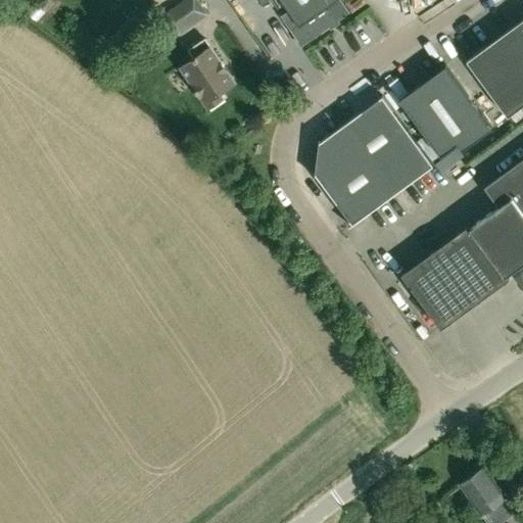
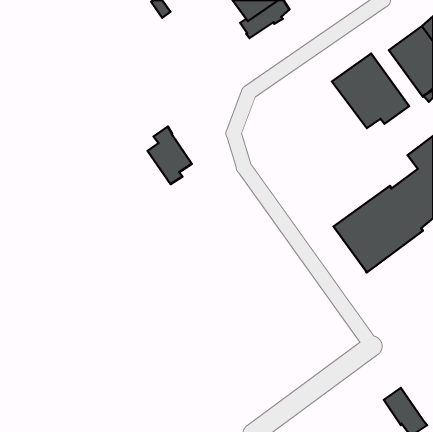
building: [181,39,234,108] -> [148,126,192,184]
building: [315,97,433,228] -> none

